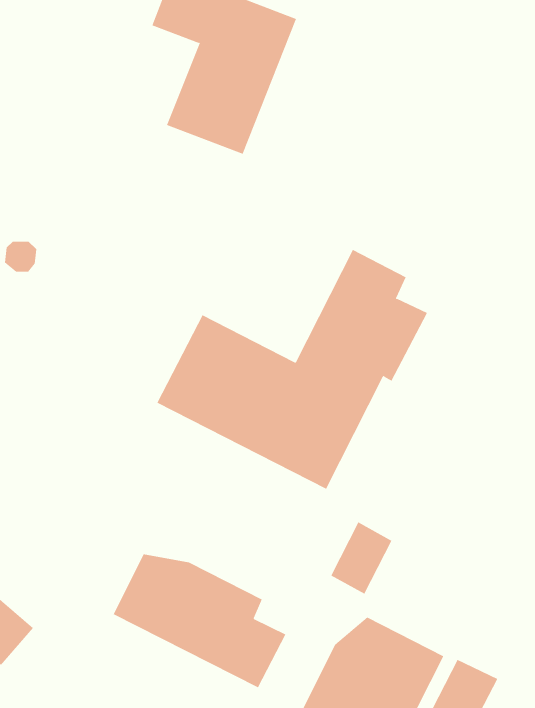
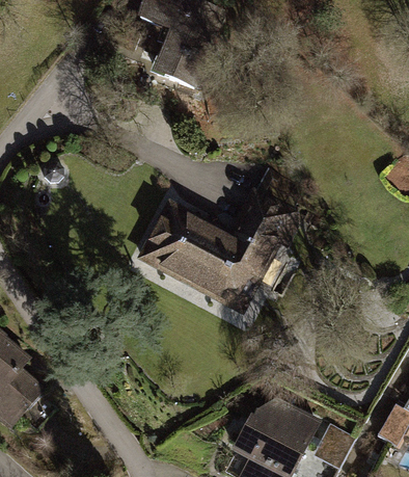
building: [331,522,392,595] -> none
building: [113,553,286,688] -> none

